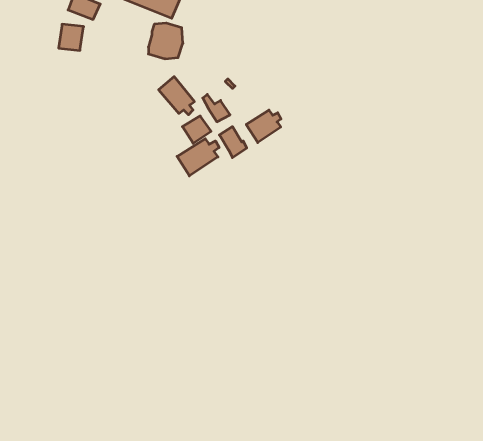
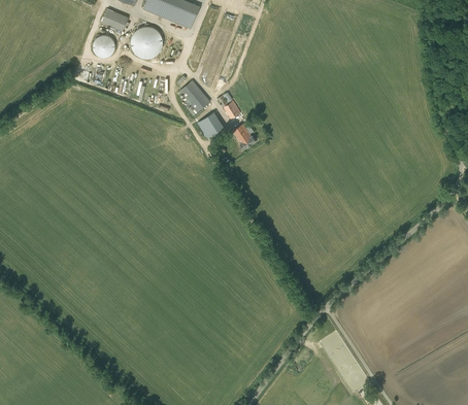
building: [148,23,183,59] -> [132,26,162,57]
building: [246,110,281,143] -> none
building: [177,139,219,176] -> none

